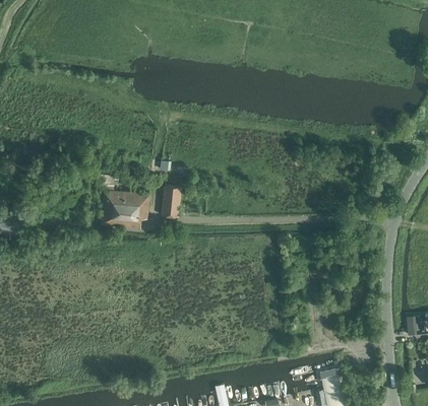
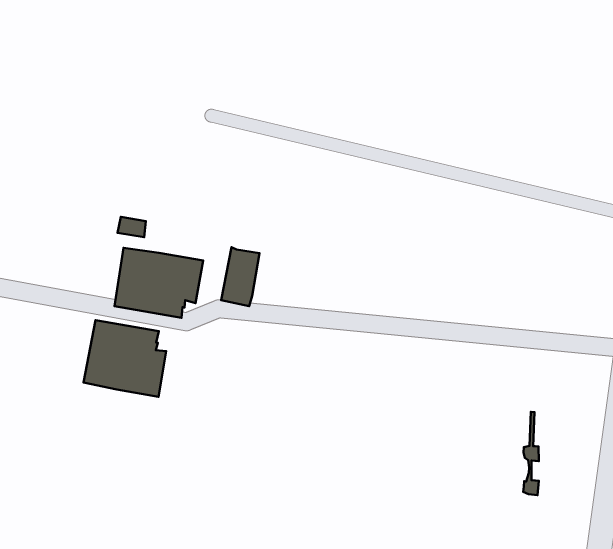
building: none -> [84,320,166,397]

